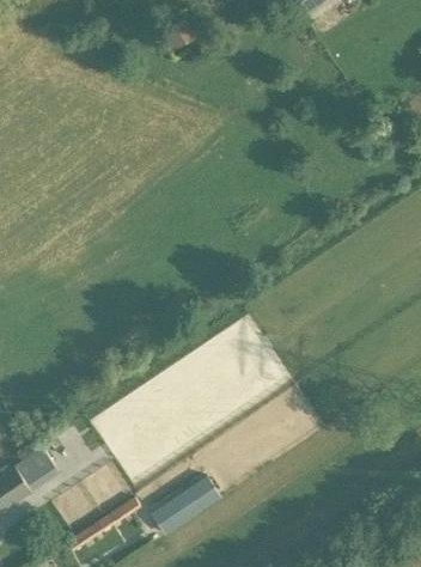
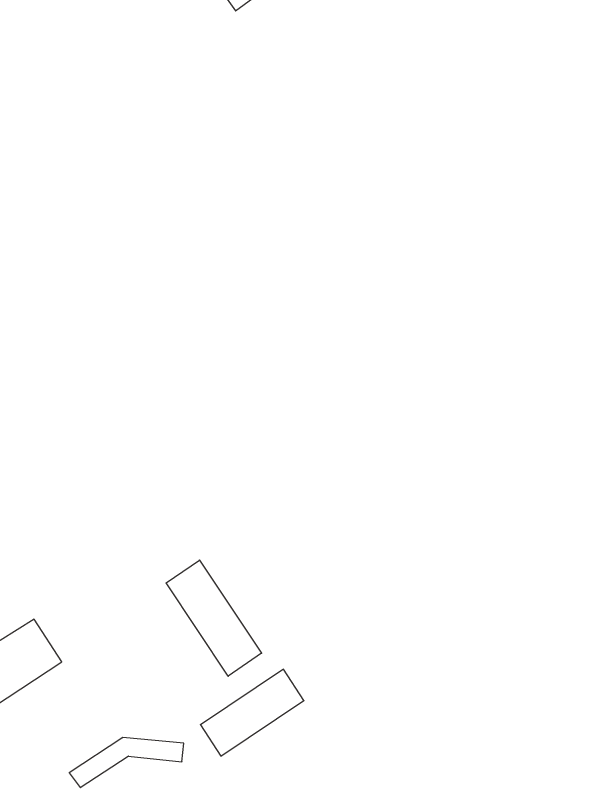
building: none -> [166,560,262,676]

